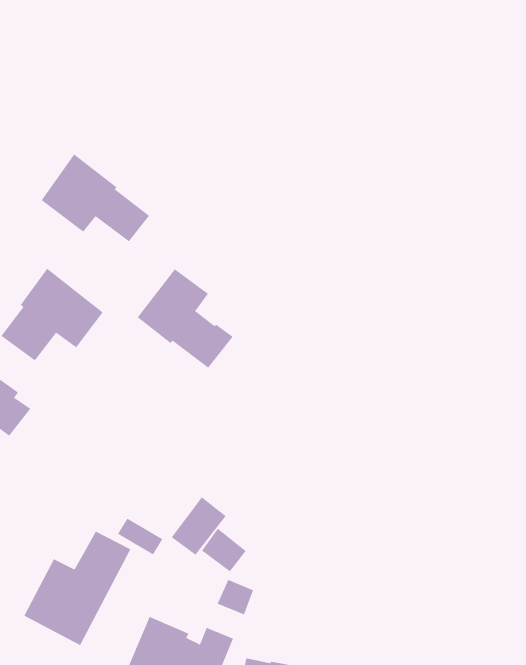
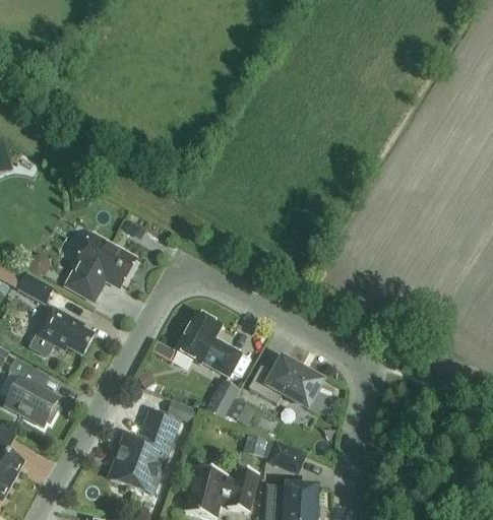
building: [41,154,150,242] -> none
building: [137,268,233,368] -> [174,311,243,377]
building: none -> [248,359,322,407]
building: none -> [269,441,305,471]

